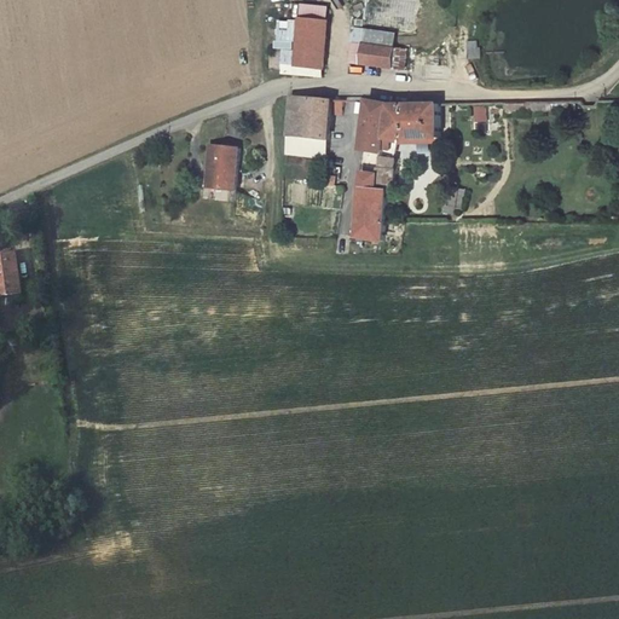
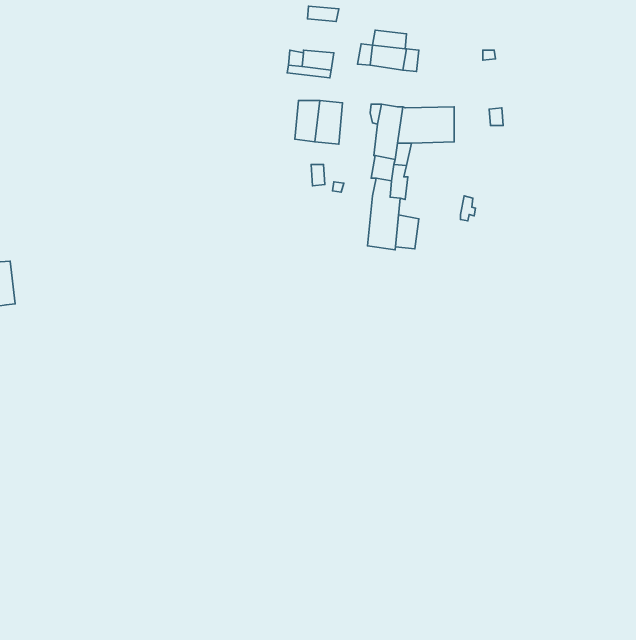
building: [293,18,324,51] -> none
building: [283,134,326,157] -> none
building: [207,144,236,190] -> none
building: none -> [395,215,419,249]

